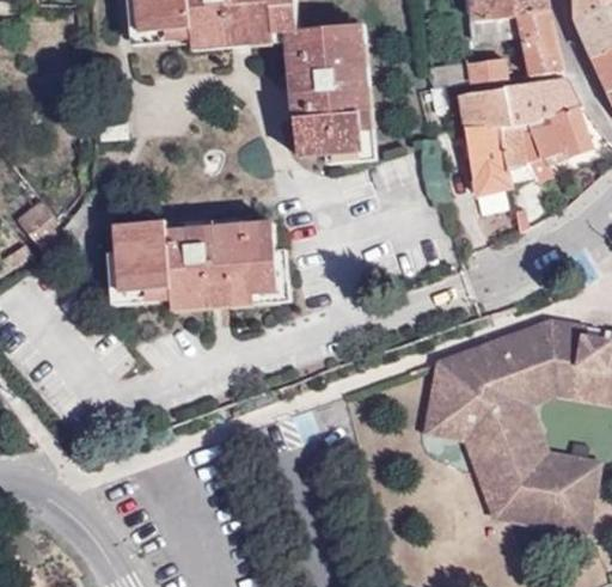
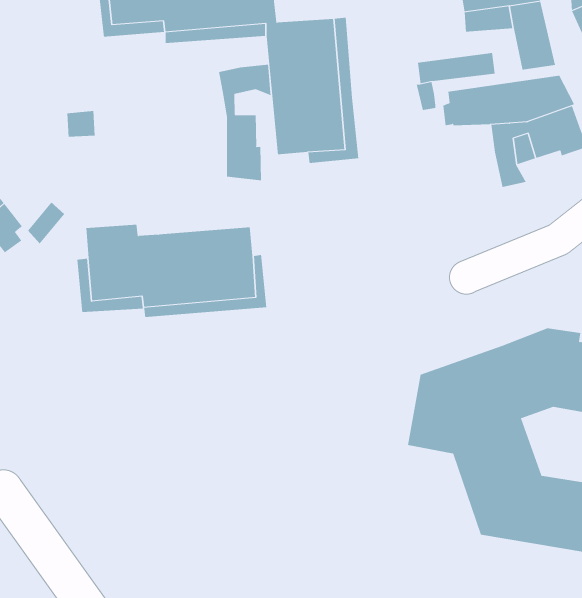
building: none -> [219,64,271,181]
building: [463,124,509,192] -> none

